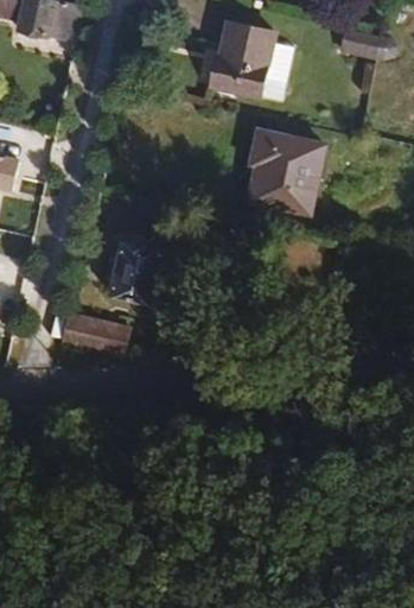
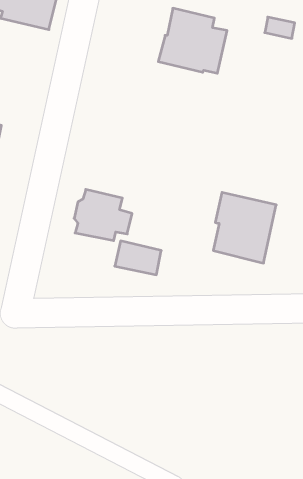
building: [249,127,326,214] -> [213,192,276,263]
building: [66,312,123,354] -> [115,241,161,275]

